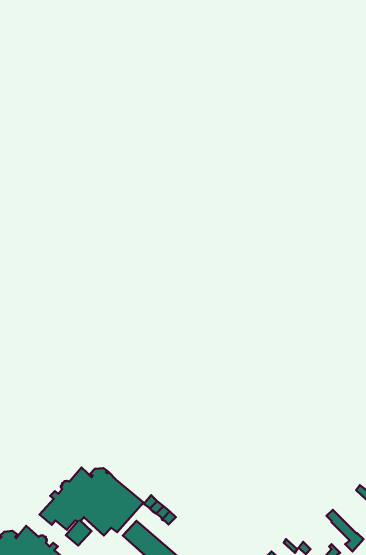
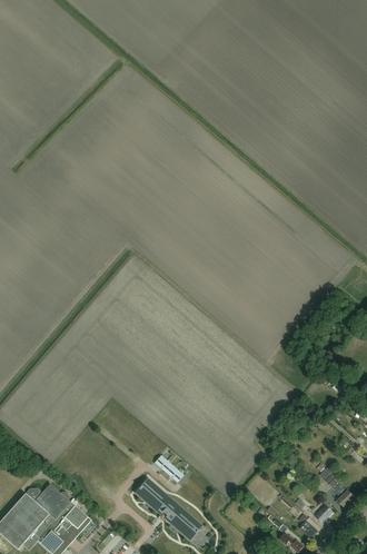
building: [39,467,144,546] -> none

